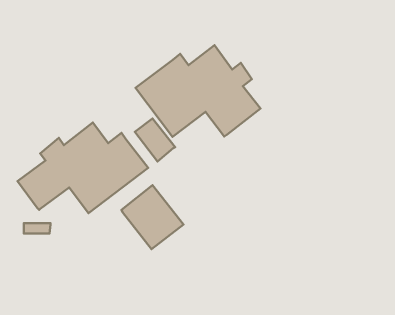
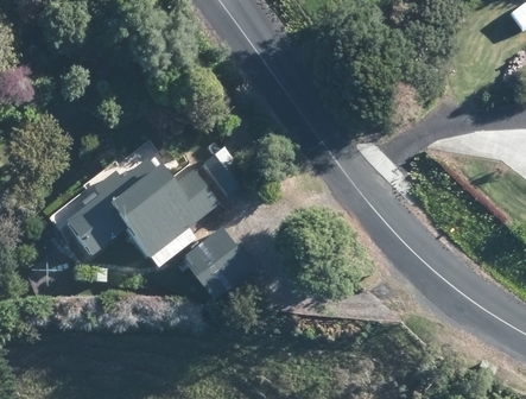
building: [135,45,261,137] -> none

